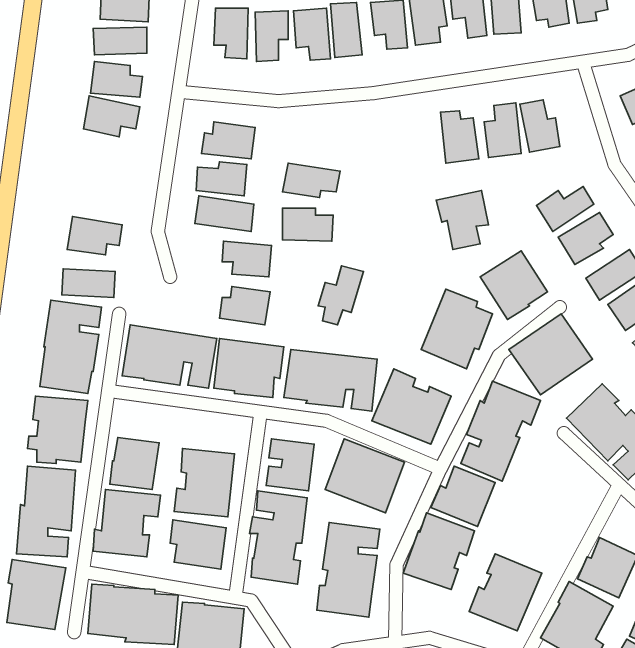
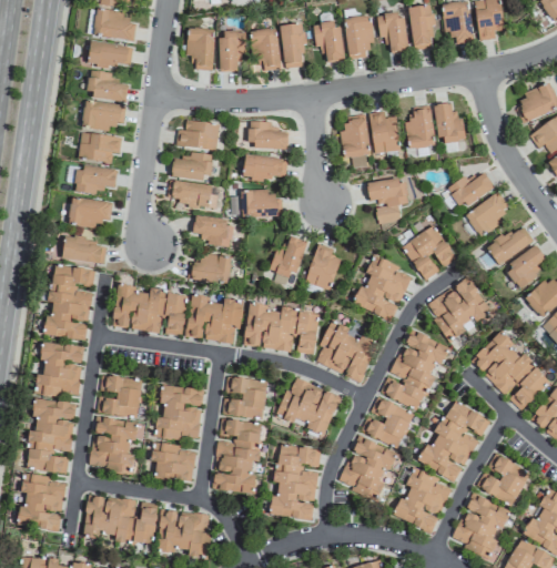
building: none -> [341,114,369,168]
building: none -> [249,121,288,148]
building: none -> [78,131,122,163]
building: none -> [74,165,118,193]
building: none -> [305,243,341,290]
building: none -> [417,399,490,481]

